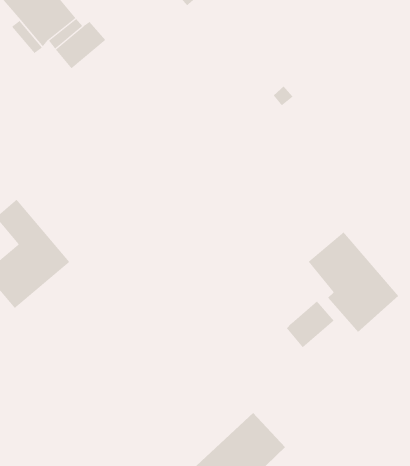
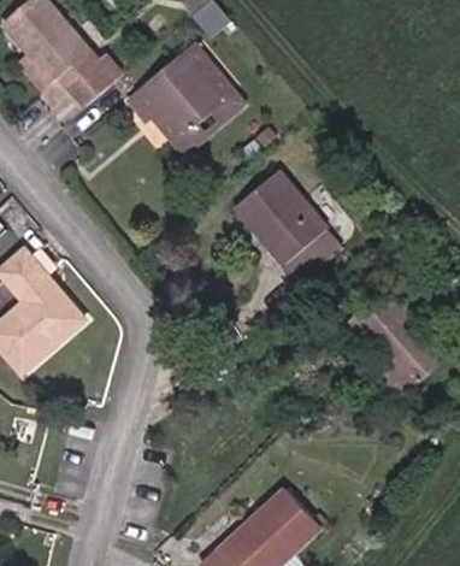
building: none -> [131,46,243,153]
building: none -> [234,170,340,279]
building: [286,301,335,348] -> none

